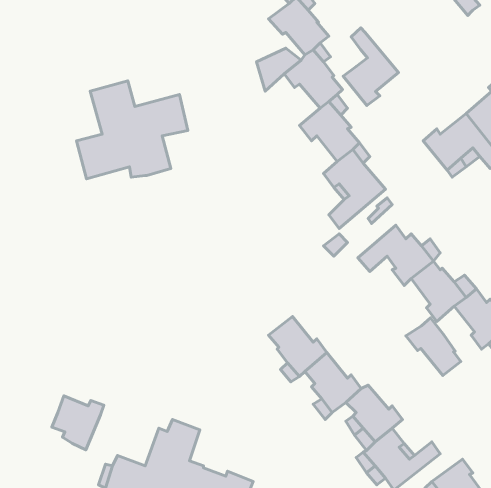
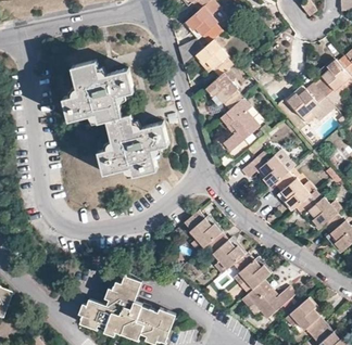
building: [343,28,398,106] -> none
building: none -> [100,113,169,175]
building: [406,318,461,376] -> none
building: [52,396,104,450] -> none

